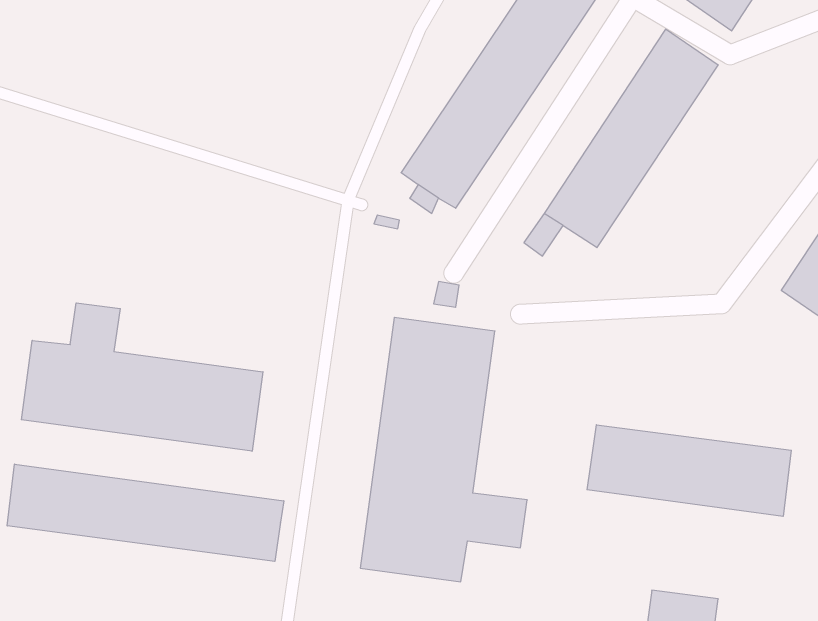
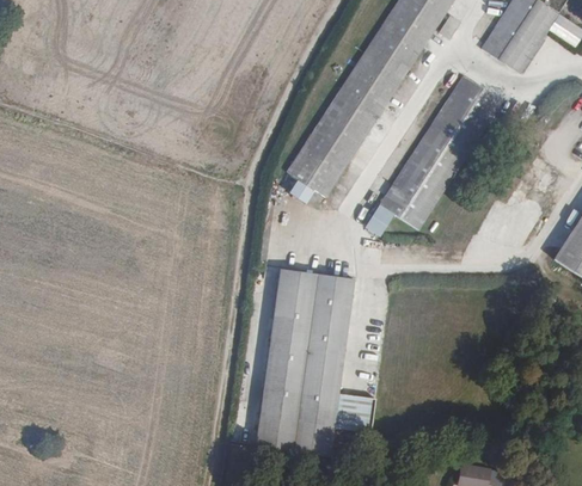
building: [21,303,263,451] -> none
building: [587,425,791,516] -> none
building: [7,464,284,561] -> none

